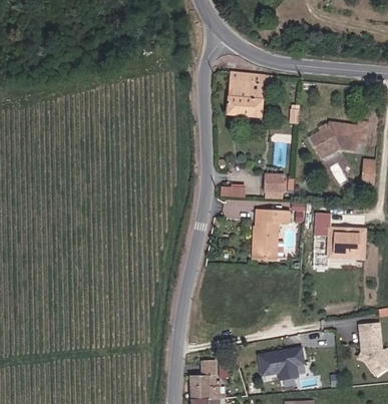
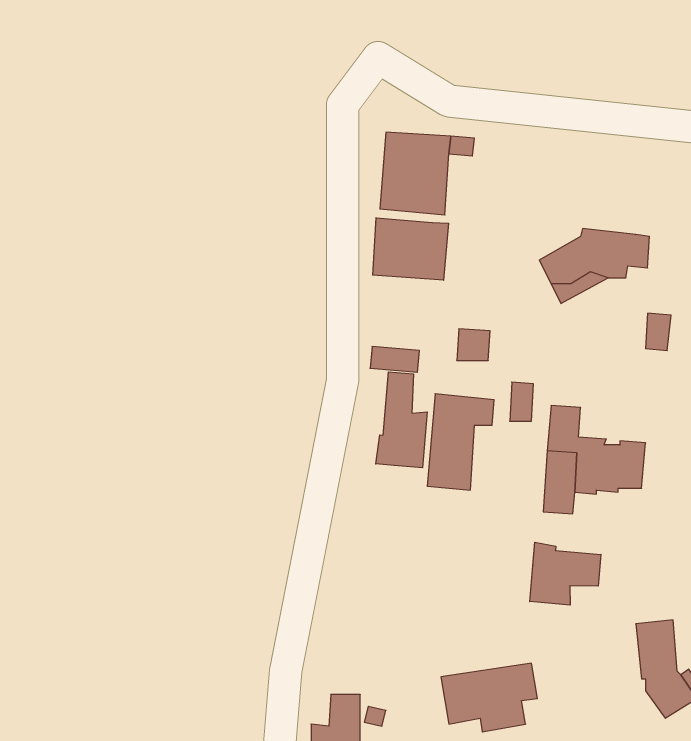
building: none -> [373,218,449,280]
building: none -> [376,372,427,468]
building: none -> [530,542,601,605]

